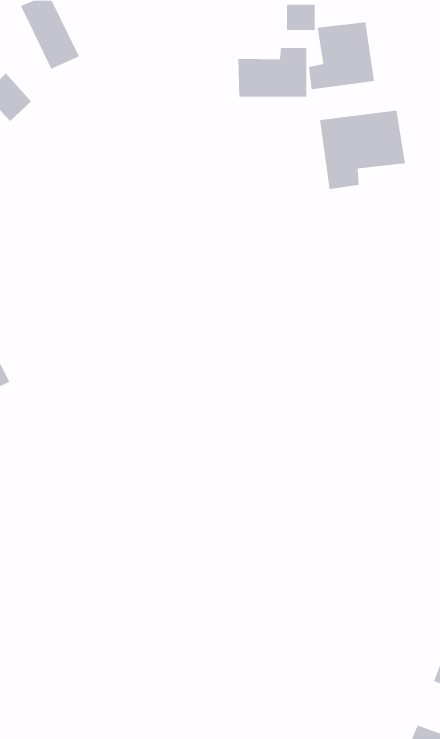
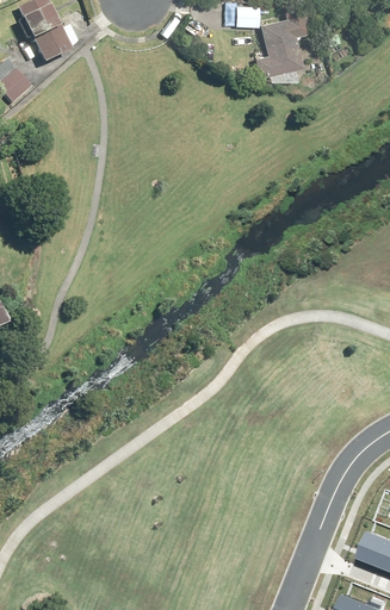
building: [238,47,307,97] -> none
building: [320,110,405,190] -> none

